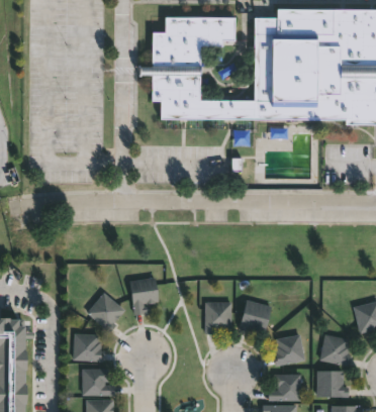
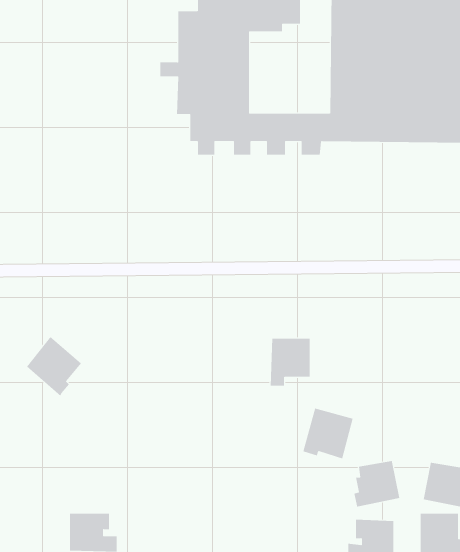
building: [127,277,158,314] -> none
building: [86,292,123,332] -> [26,336,82,396]
building: [203,302,230,334] -> [270,338,310,386]
building: [72,333,102,362] -> none

